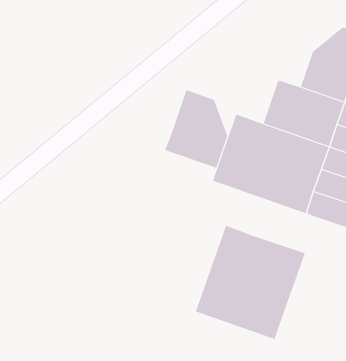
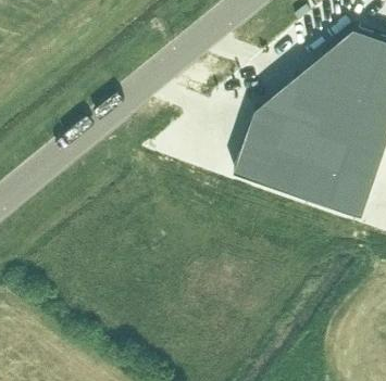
building: [165,89,228,168] -> none
building: [195,225,305,340] -> none

